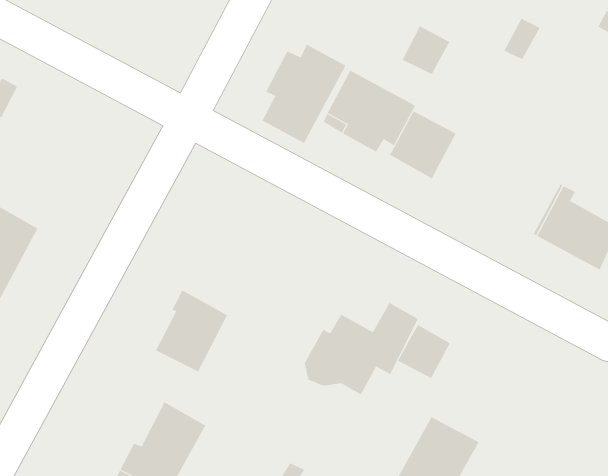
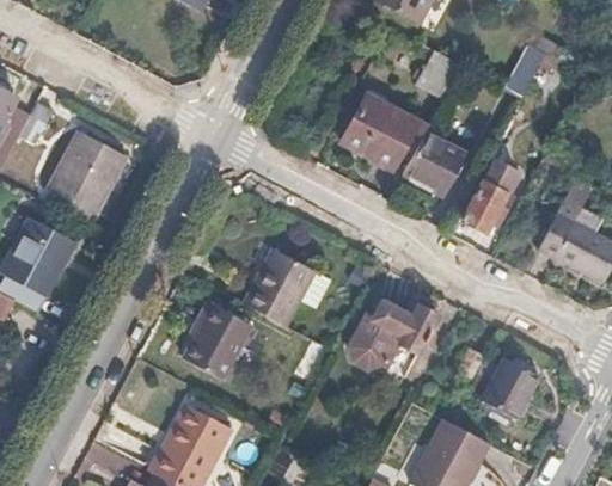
building: [262,44,346,144] -> none
building: none -> [50,130,123,207]
building: none -> [461,160,519,233]
building: none -> [240,250,335,327]
building: [397,324,451,379] -> [484,358,534,410]

